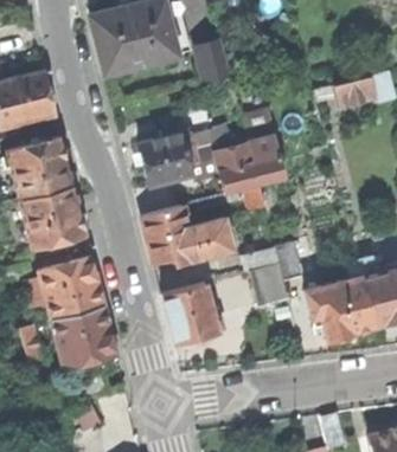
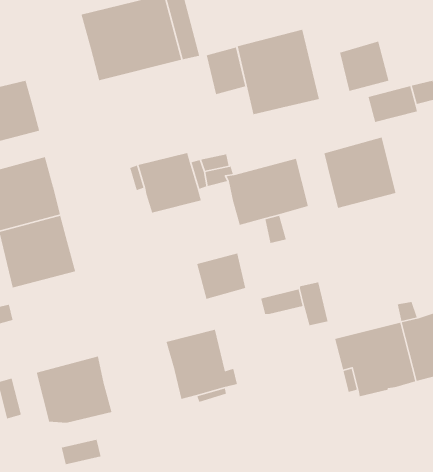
building: none -> [237,29,320,115]
building: none -> [339,40,390,92]
building: none -> [324,136,397,209]
building: [142,206,197,264] -> none
building: [39,257,105,319] -> none
building: [250,264,289,305] -> none

